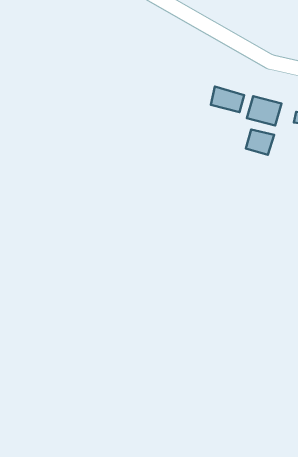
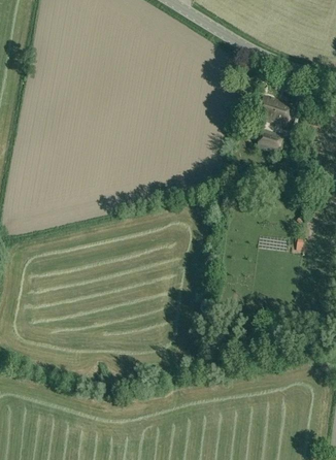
building: [211,86,244,112] -> none

